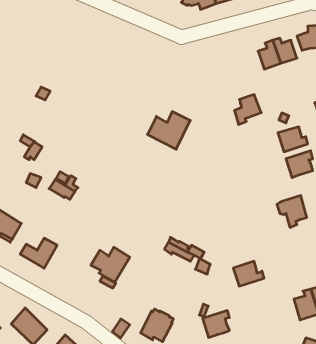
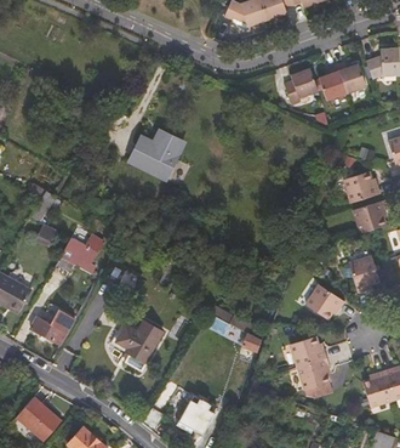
building: [234,95,261,124] -> [286,70,319,107]
building: [147,112,190,149] -> [130,131,182,177]
building: none -> [303,283,343,318]
building: [203,311,229,337] -> [296,357,328,390]

